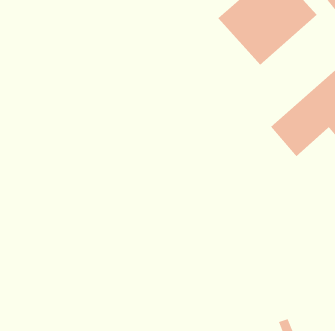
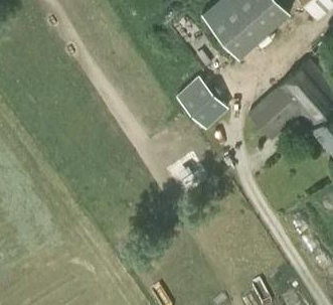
building: none -> [176,75,230,129]

